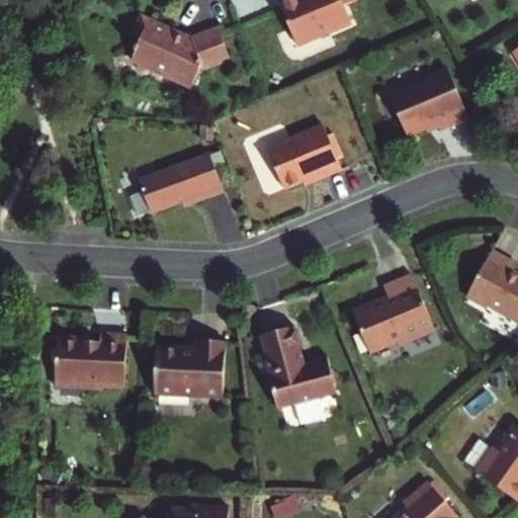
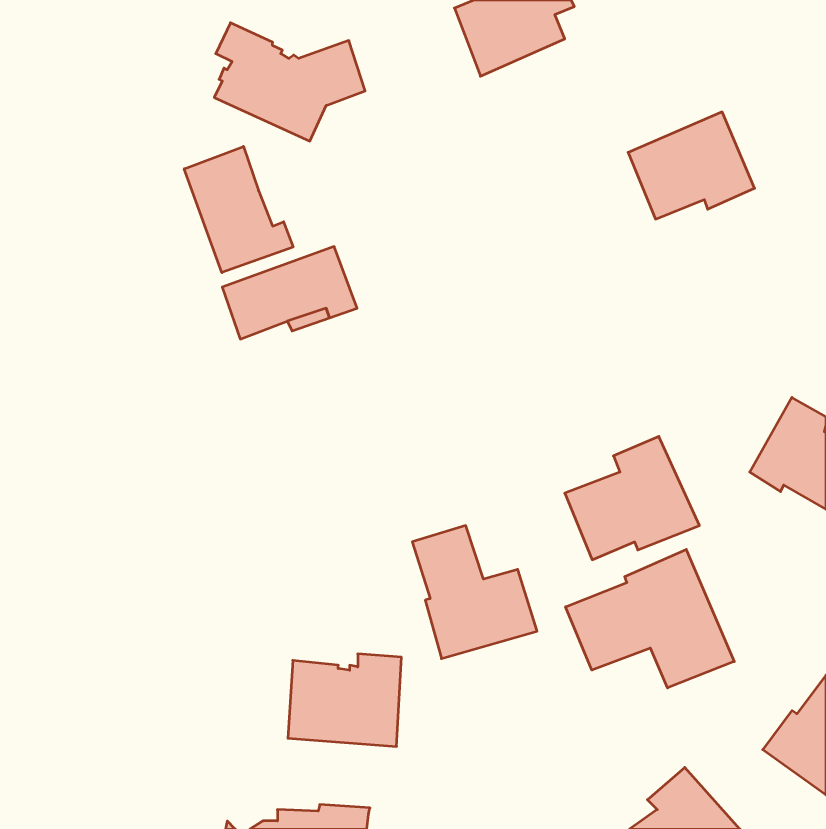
building: none -> [184,146,293,273]
building: [268,125,344,188] -> none
building: [52,332,123,385] -> none
building: [152,340,223,398] -> [288,654,401,746]
building: none -> [566,549,734,688]

